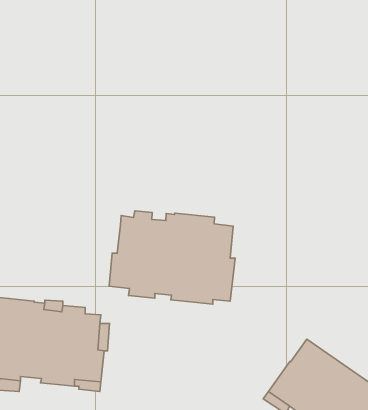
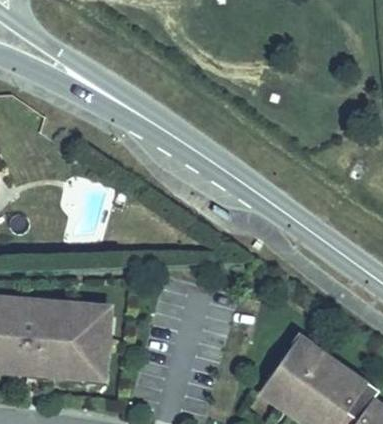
building: [109,211,235,304] -> none

